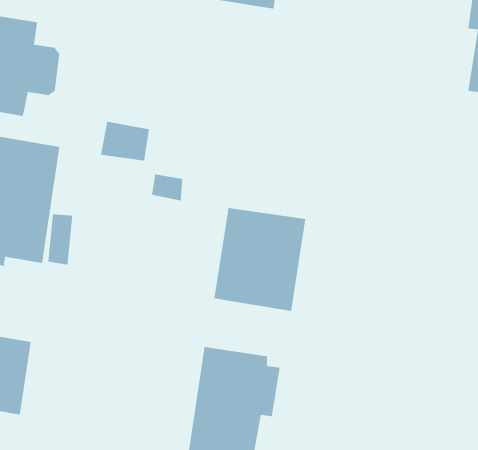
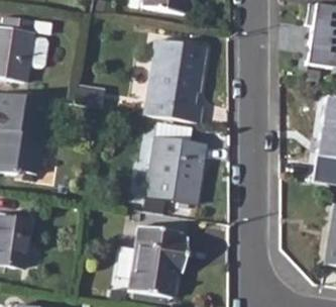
building: none -> [145,38,208,124]

